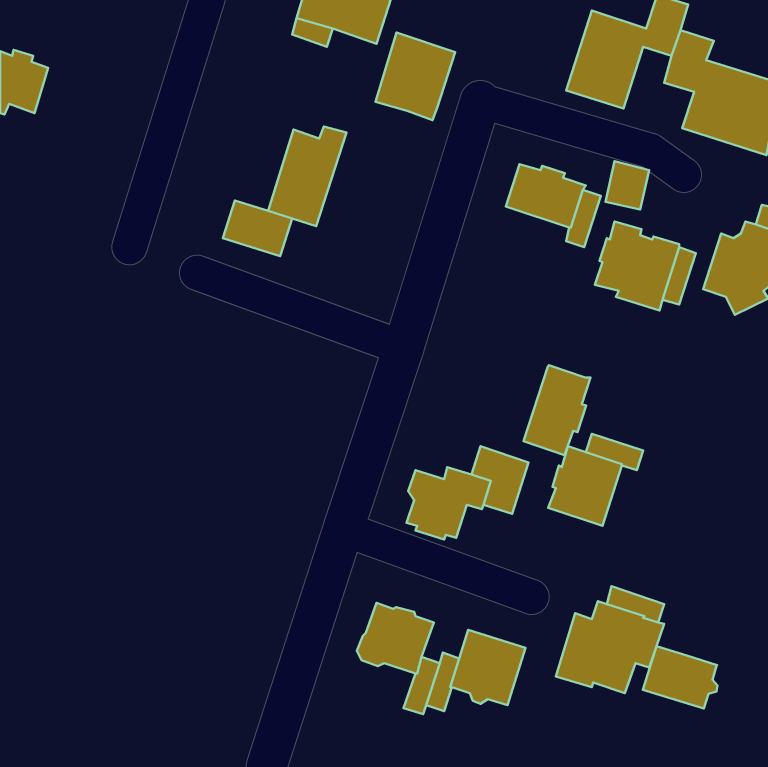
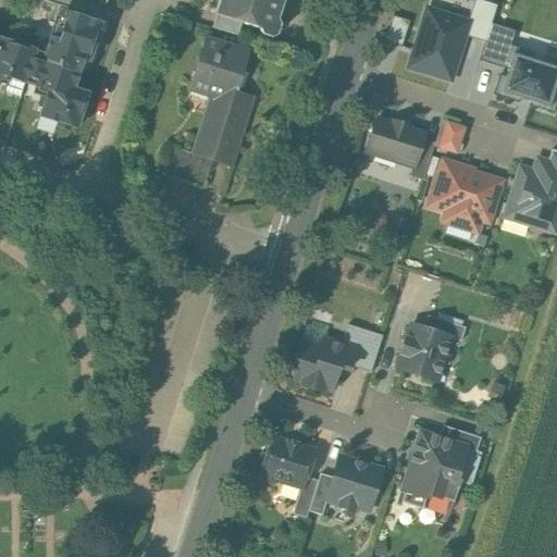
building: none -> [35,11,101,128]
building: [375,33,455,120] -> [190,37,248,100]
building: [524,365,590,455] -> none
building: [643,646,718,709] -> none

